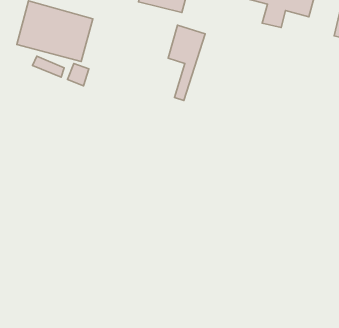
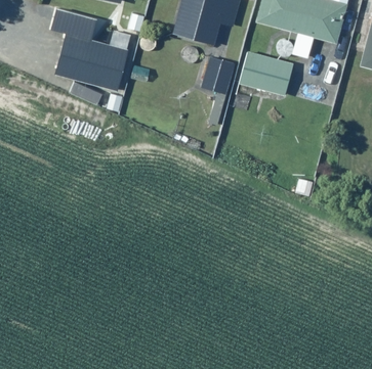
building: none -> [239,50,294,95]

